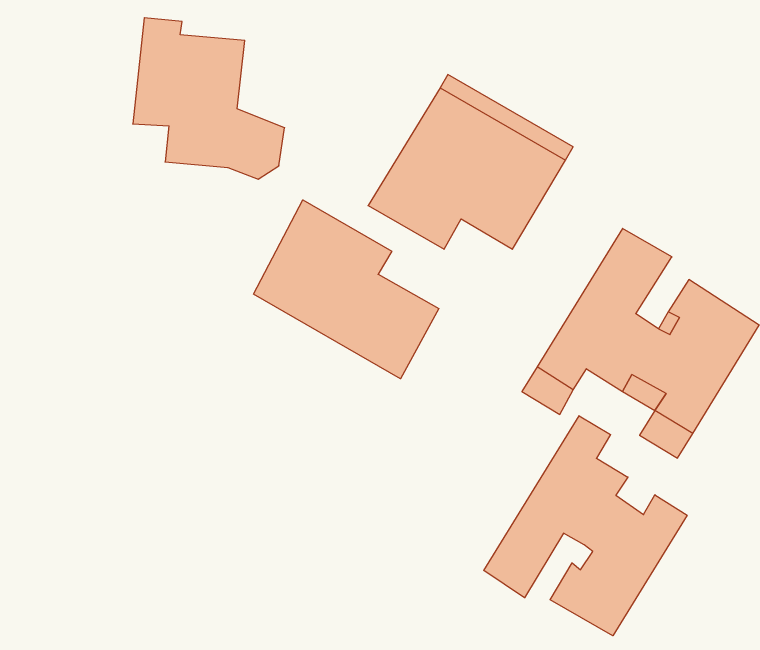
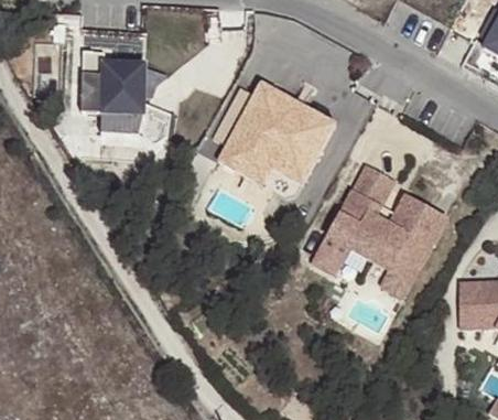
building: [254,200,439,379] -> none
building: [484,416,687,636] -> none

